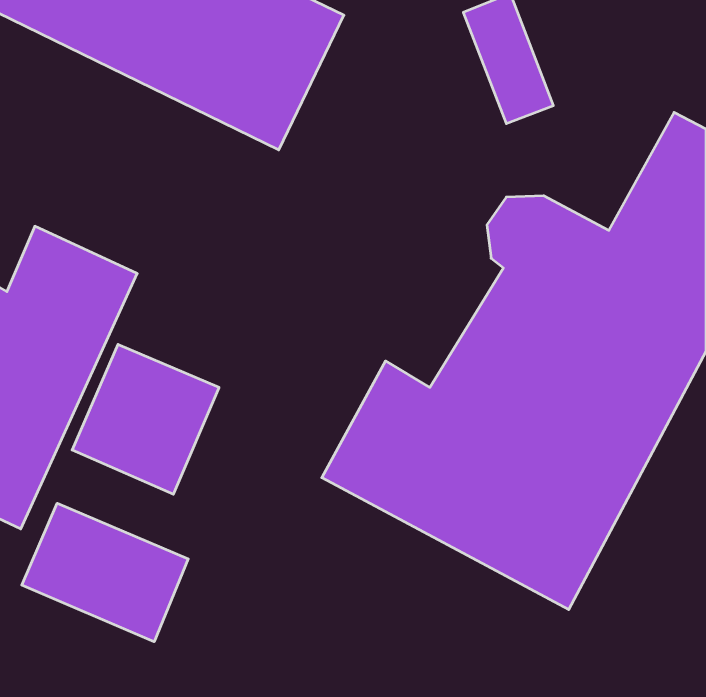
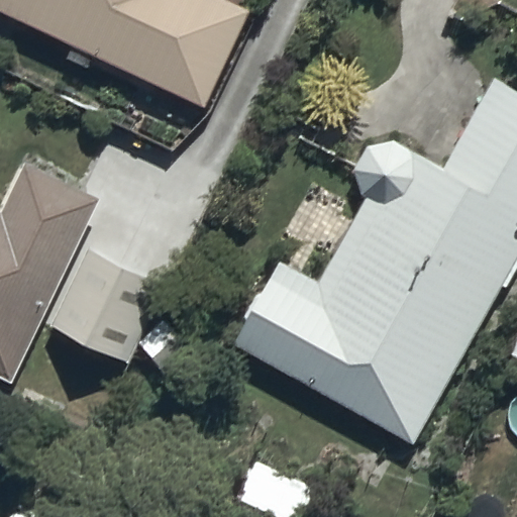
building: [22,503,188,642] -> none

